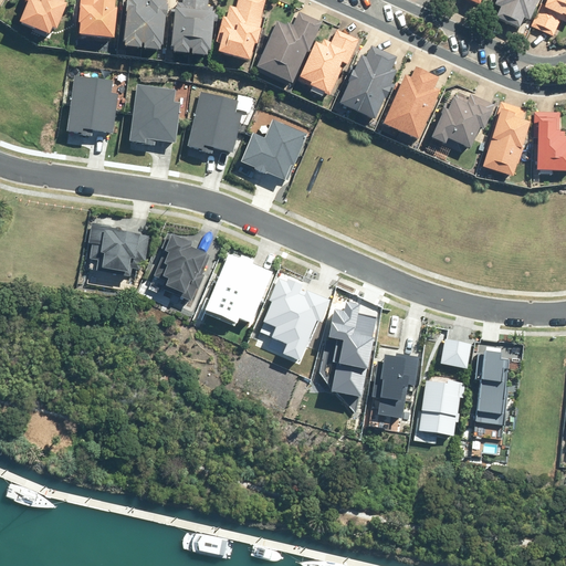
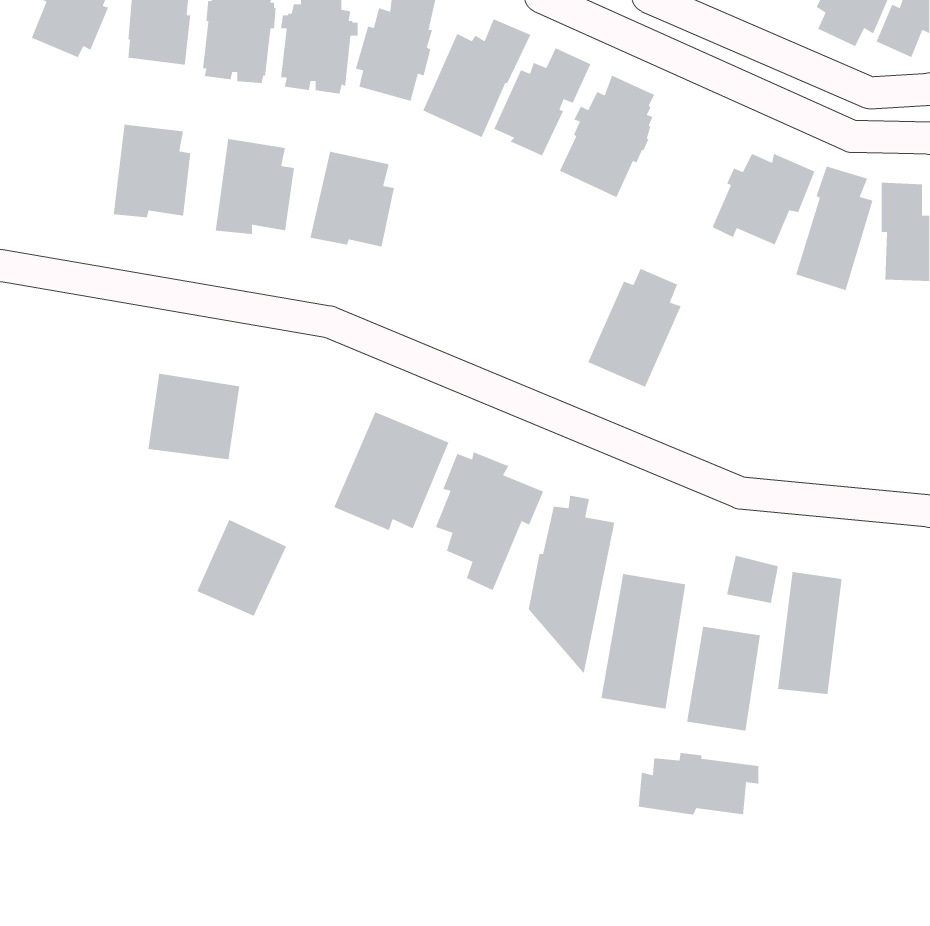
building: [384,67,441,140] -> [587,268,682,388]
building: [242,116,312,185] -> none
building: [151,237,207,296] -> [196,519,287,617]
building: none -> [638,752,759,816]

